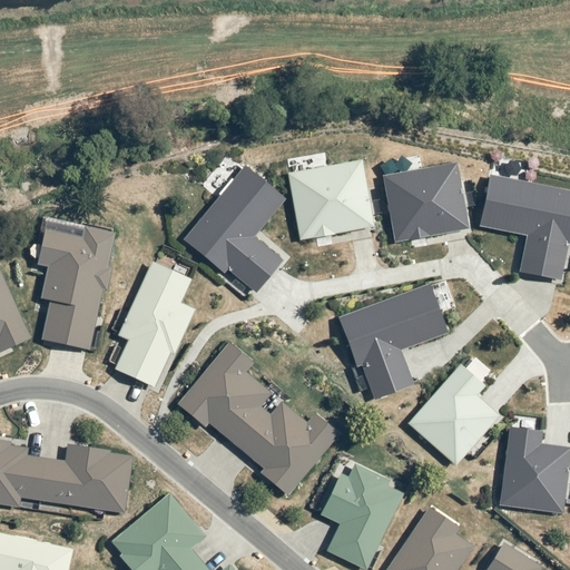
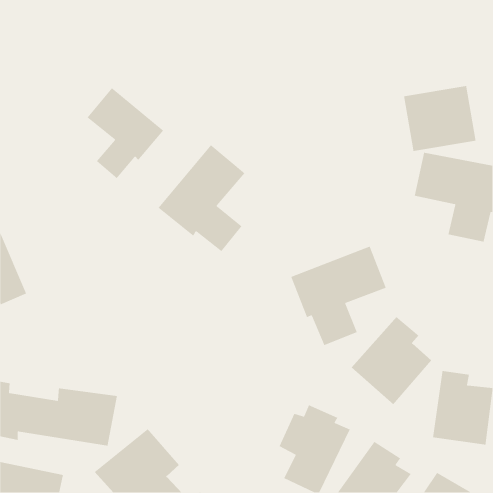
building: none -> [87,87,164,179]
building: [285,159,371,239] -> none
building: [382,164,466,240] -> [403,85,477,152]
building: [39,226,116,351] -> none
building: [114,263,193,389] -> none
building: [177,342,341,495] -> none

